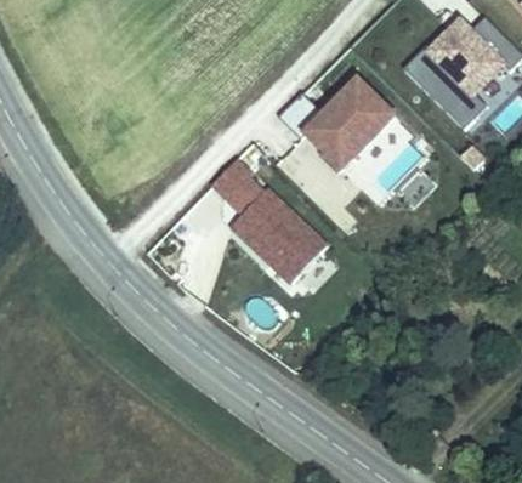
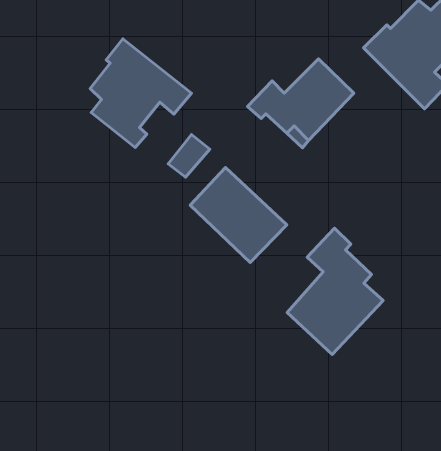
building: none -> [90,39,191,147]
building: none -> [287,228,383,354]

